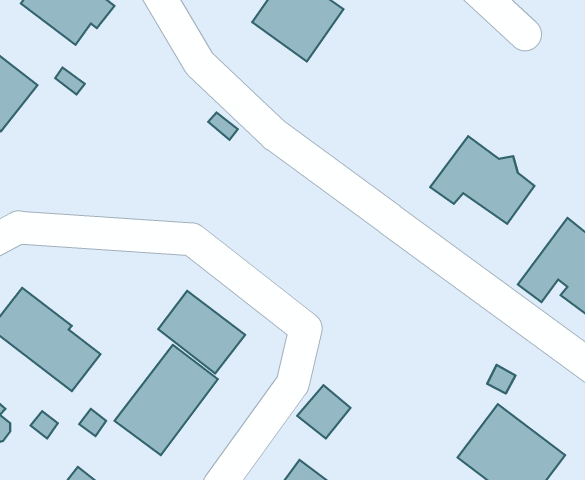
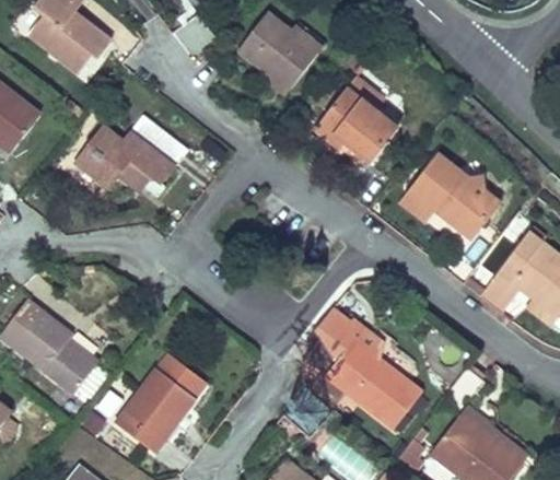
building: none -> [315,80,400,164]
building: none -> [72,114,186,197]
building: [158,291,245,374] -> none
building: none -> [312,305,421,429]

